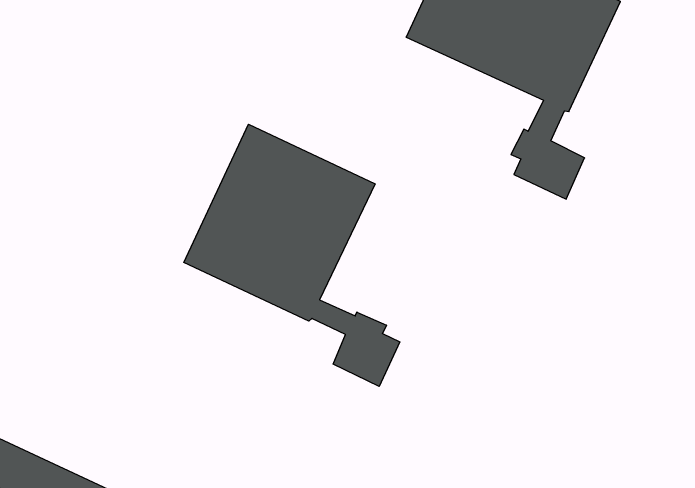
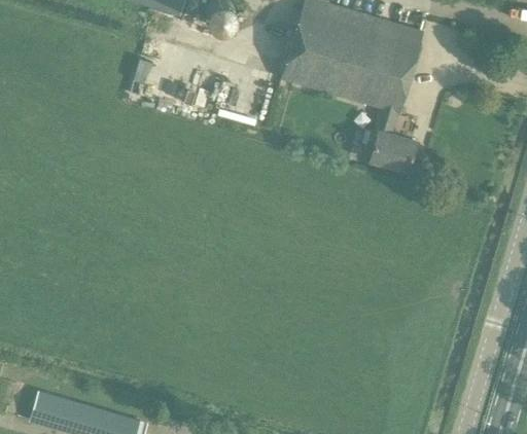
building: [184,124,400,386] -> none

